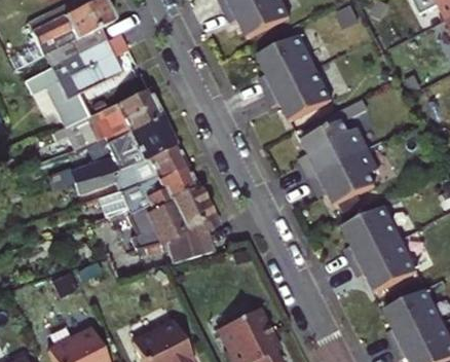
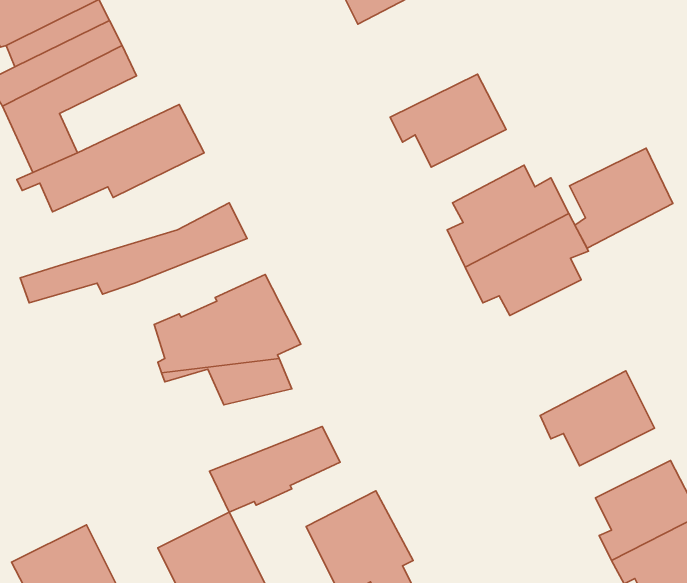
building: [257,36,316,93] -> none
building: [71,113,174,178] -> none
building: [119,162,194,212] -> [210,426,340,512]
building: [342,207,402,264] -> [569,148,673,248]

